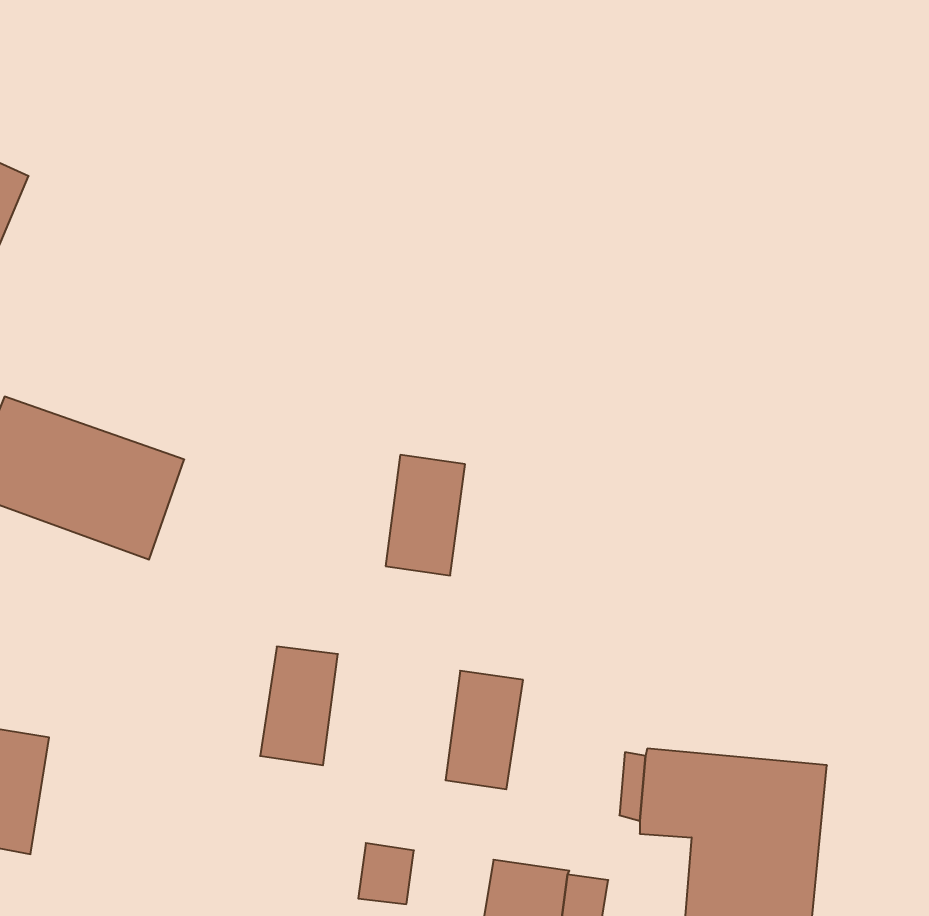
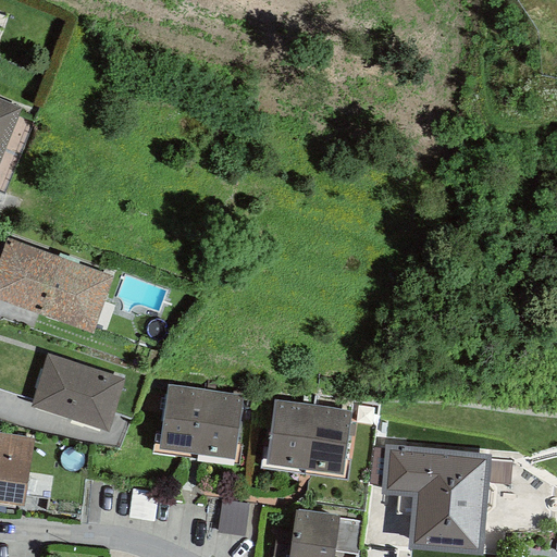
building: [386,455,465,575] -> [195,388,242,459]
building: none -> [29,354,124,430]
building: none -> [302,404,350,473]

